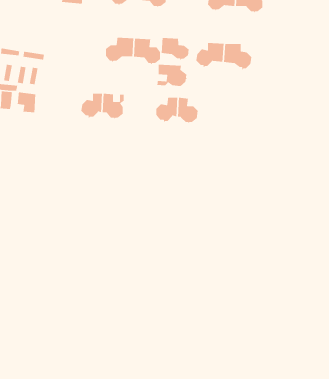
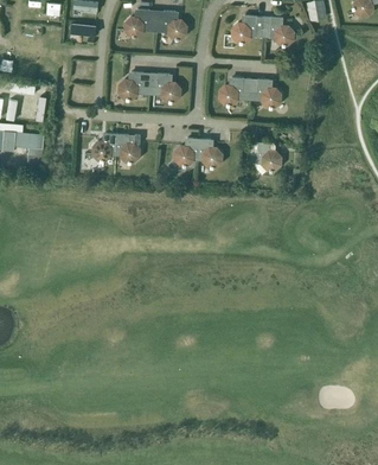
building: [161,37,189,60] -> none
building: [157,64,188,87] -> none
building: none -> [249,141,281,173]

